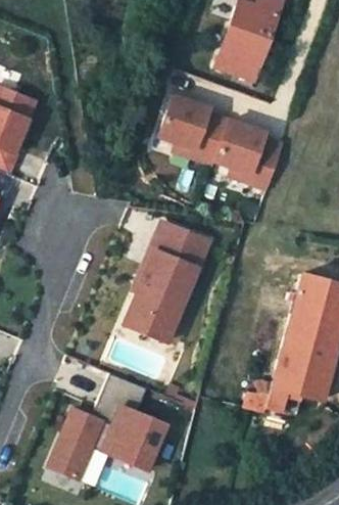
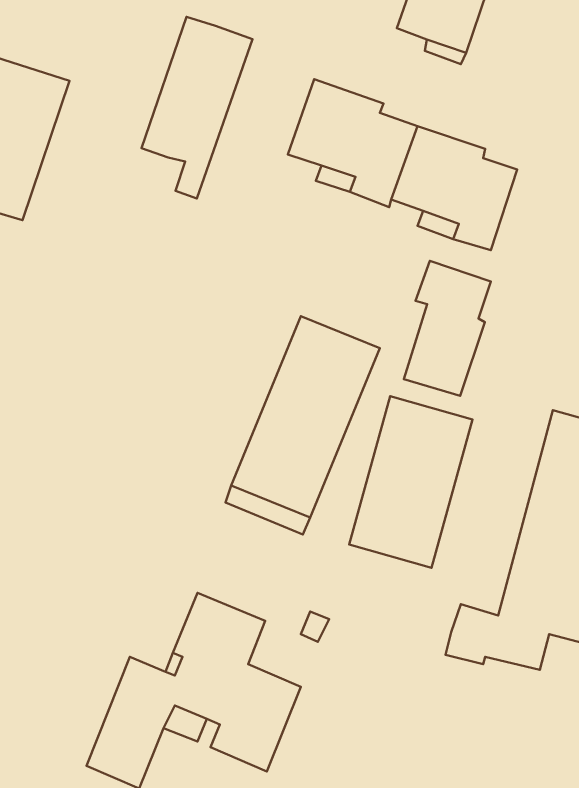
building: none -> [142,17,253,198]
building: none -> [404,261,491,396]
building: none -> [349,396,472,568]

